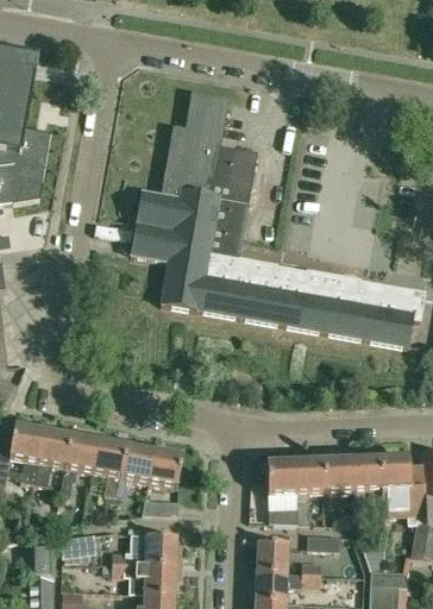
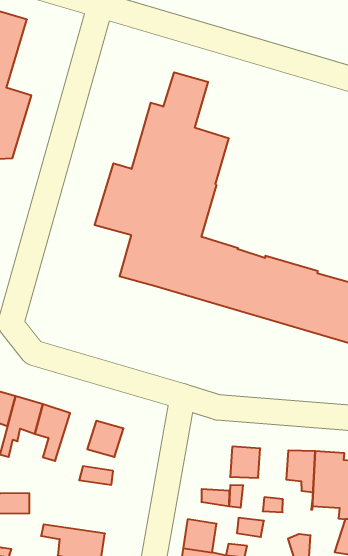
building: [118,448,155,500] -> none
building: [324,462,353,492] -> none
building: [266,464,296,496] -> none
building: [113,534,177,566] -> none

